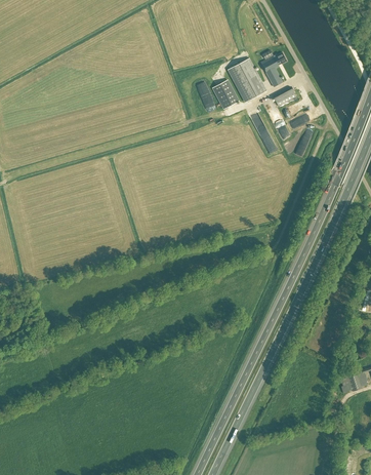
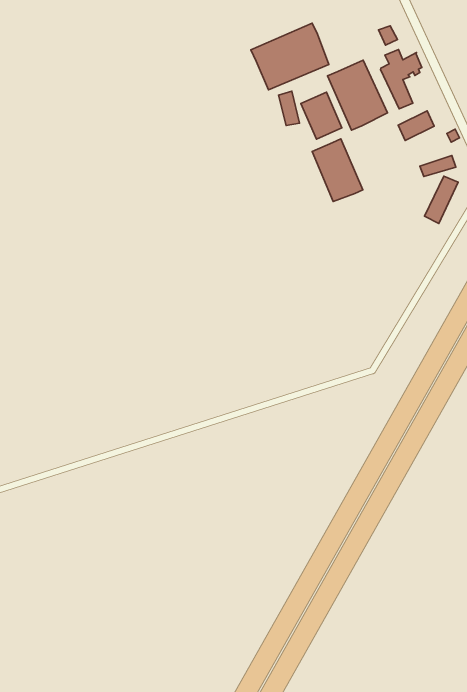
building: none -> [251,23,329,90]
building: none -> [312,139,363,201]

